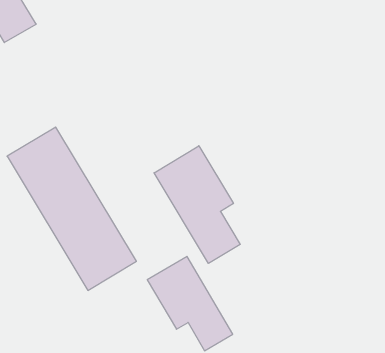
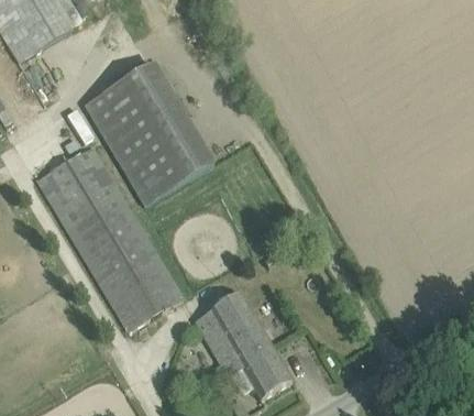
building: none -> [84,63,213,206]
building: [154,146,240,263] -> none

